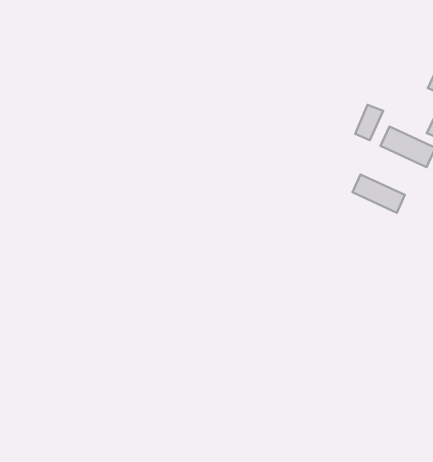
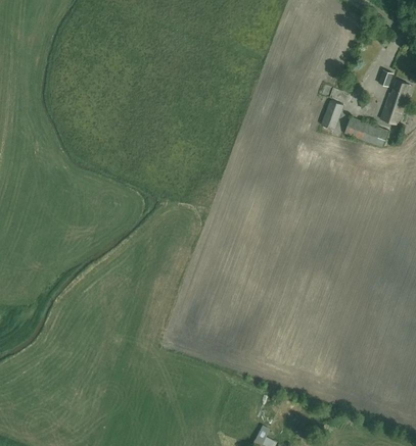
building: [353,174,405,213] -> none

